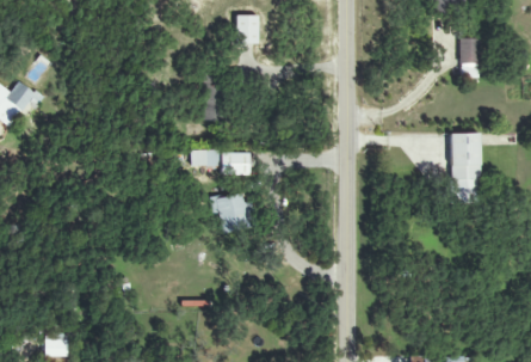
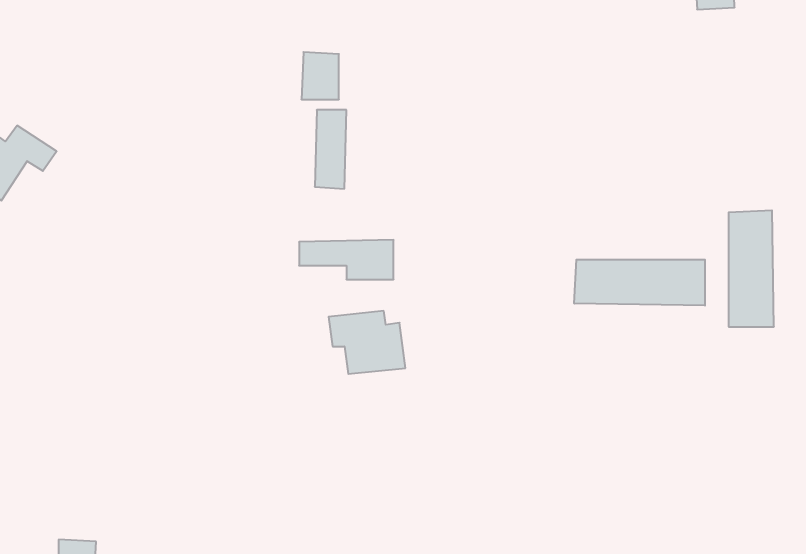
building: [235,14,258,43] -> [301,52,339,99]
building: [459,38,478,65] -> none
building: none -> [574,260,705,306]

